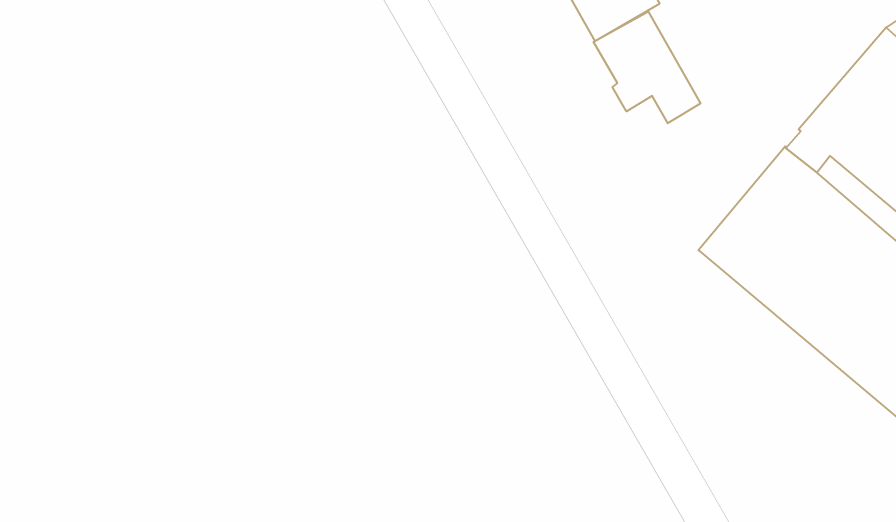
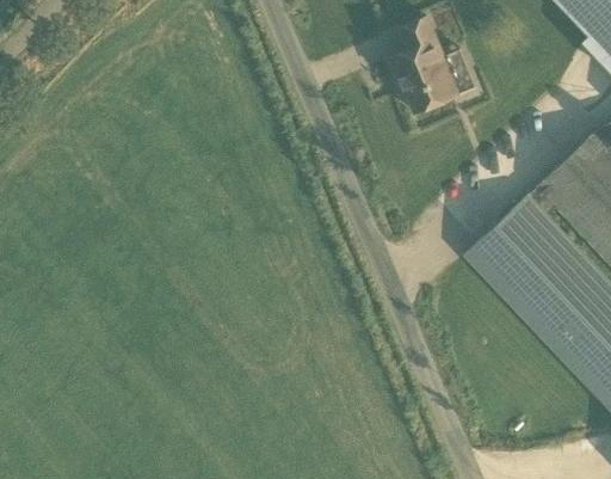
building: [594,11,701,123] -> none

